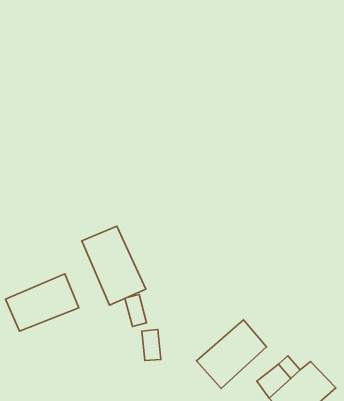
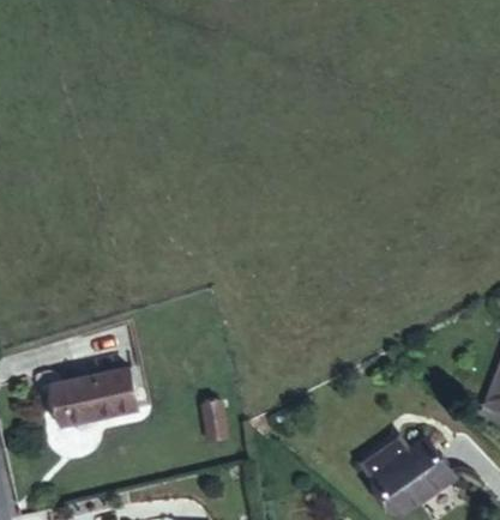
building: [82,226,146,305] -> none
building: [197,320,267,389] -> none

